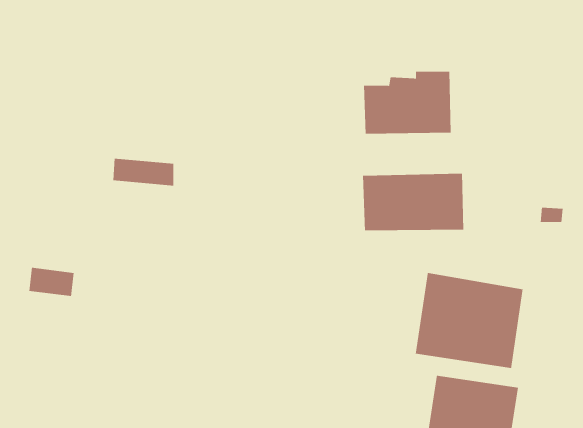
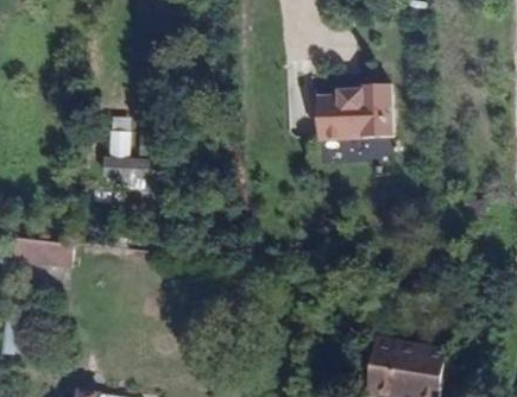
building: [363,173,464,231] -> none
building: [415,272,523,369] -> none

